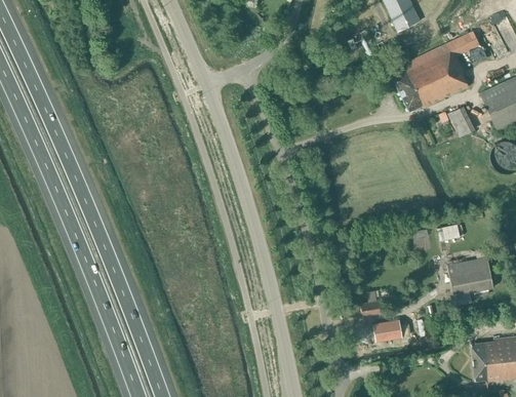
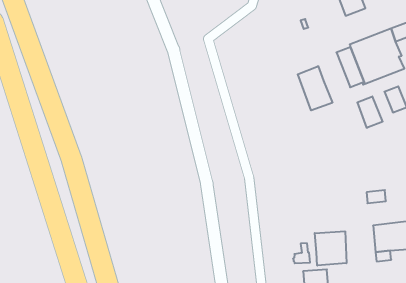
building: none -> [298,66,332,110]
building: none -> [357,96,383,128]
building: none -> [315,231,346,266]

